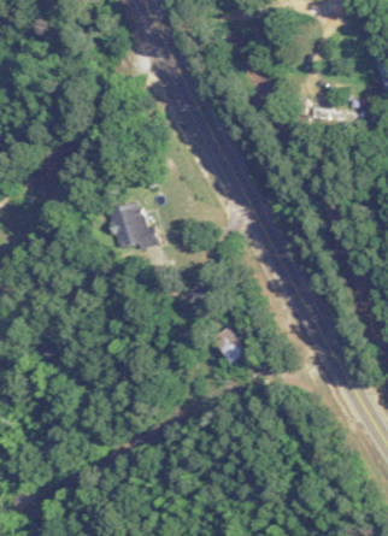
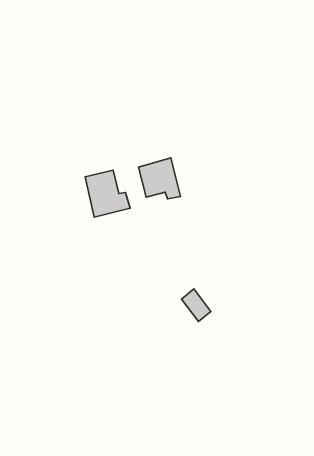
building: none -> [139,158,181,199]

